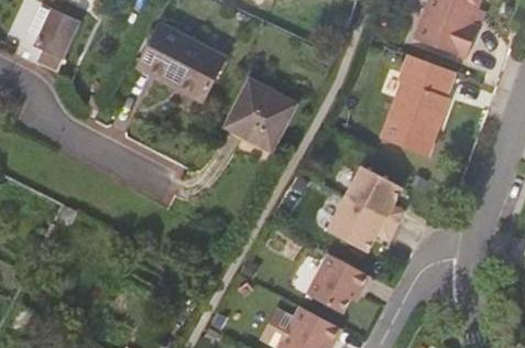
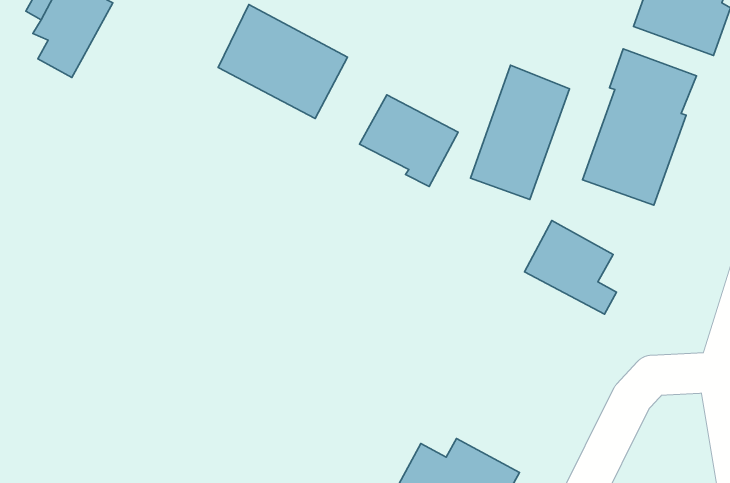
building: none -> [471,65,569,199]
building: [326,198,395,252] -> none
building: [306,253,369,313] -> none

